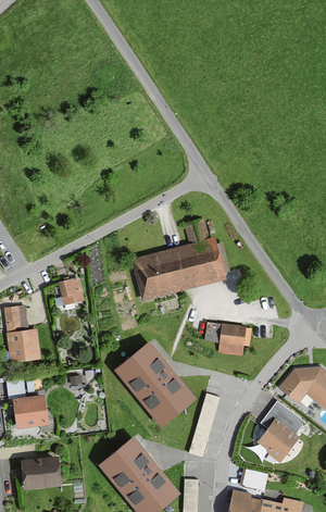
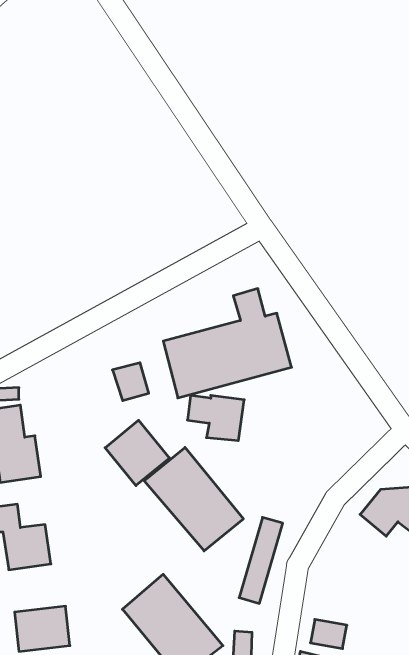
building: [57,277,84,305] -> [112,363,149,401]
building: none -> [105,420,170,486]
building: [204,324,247,358] -> [187,395,244,441]
building: [258,402,299,461] -> none

